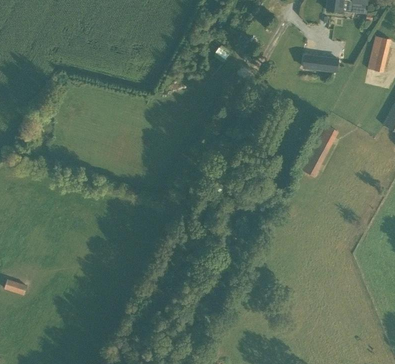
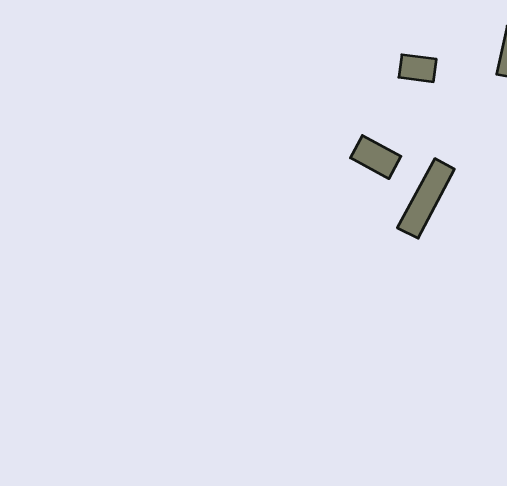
building: none -> [350,135,401,179]

